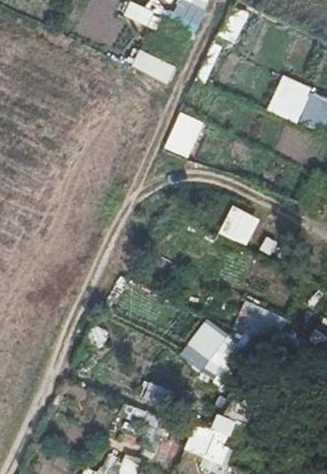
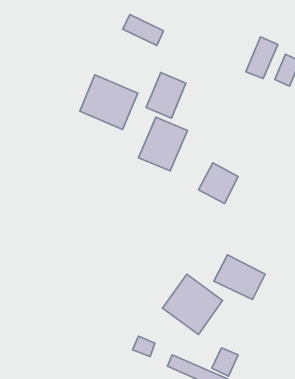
building: none -> [80,75,138,129]
building: none -> [139,117,188,171]

